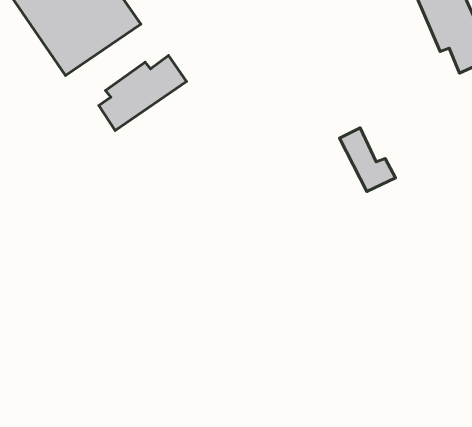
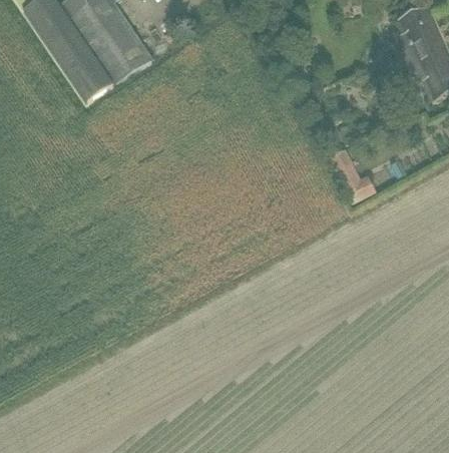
building: [99,56,186,130] -> none

